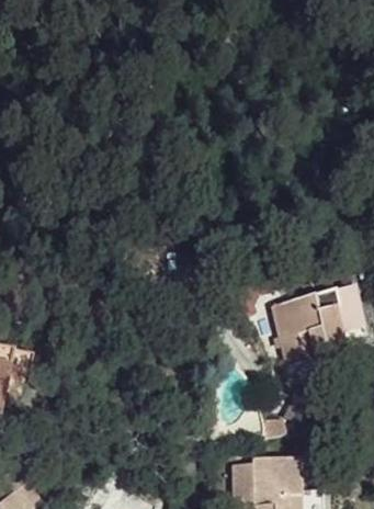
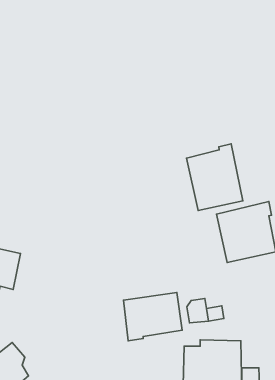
building: none -> [187,144,243,211]
building: none -> [124,292,182,341]

